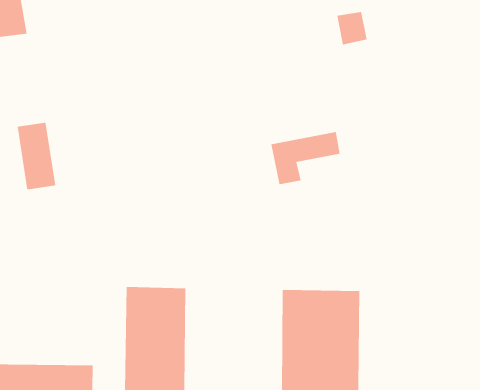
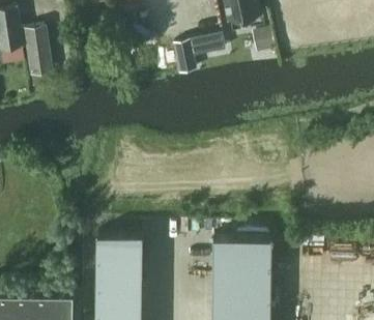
building: [17,122,56,190] -> [24,28,53,78]
building: [270,131,341,185] -> [173,36,225,76]

